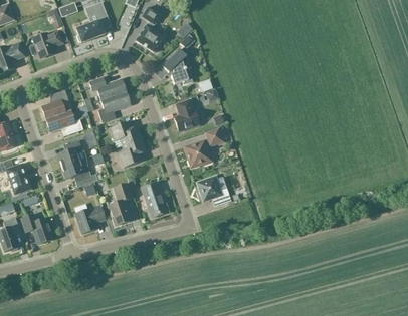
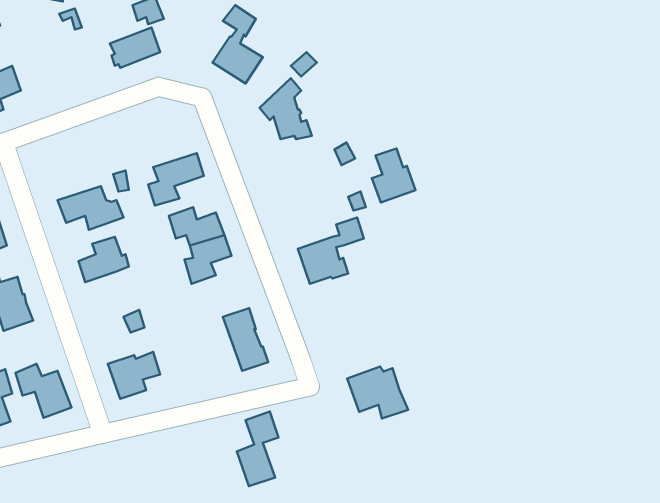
building: [29,31,62,58] -> none
building: [88,77,126,100] -> none
building: [41,90,70,119] -> none
building: [174,100,199,131] -> [372,148,416,202]
building: [61,157,91,181] -> none
building: [196,176,231,206] -> [347,366,408,419]
building: [108,183,132,226] -> [237,411,279,486]

